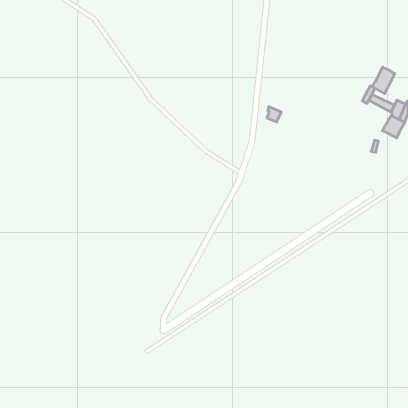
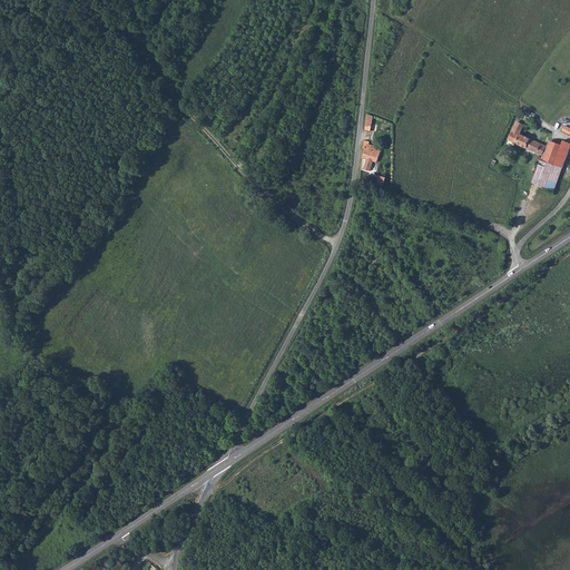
building: [372,67,395,94] -> none

